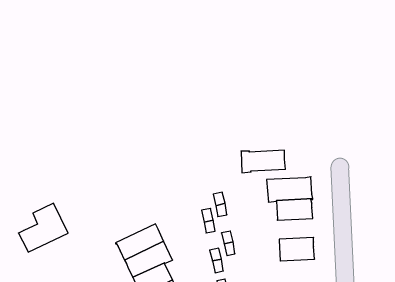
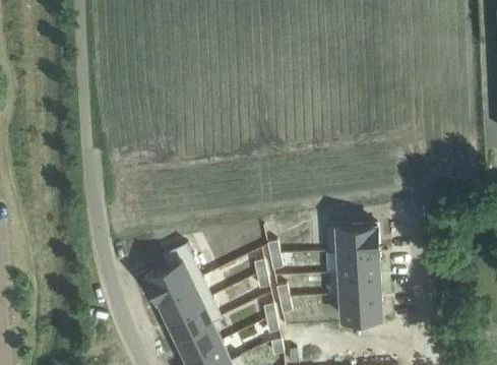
building: [241,150,285,173] -> [329,273,379,299]
building: [18,203,68,252] -> [145,246,201,301]

